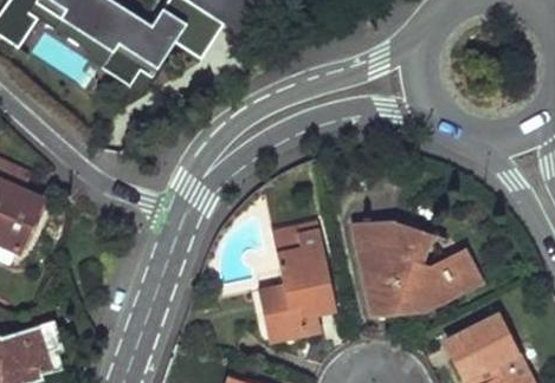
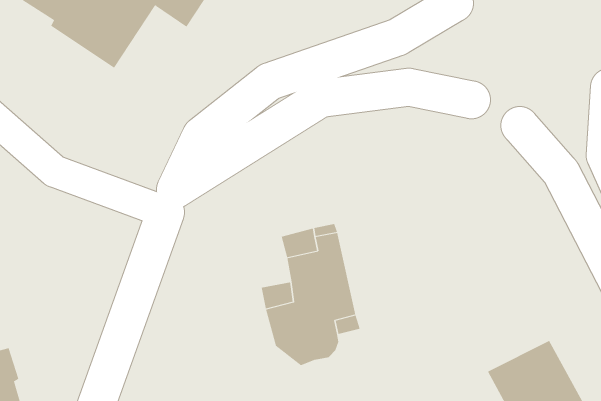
building: [359,223,479,311] -> none

